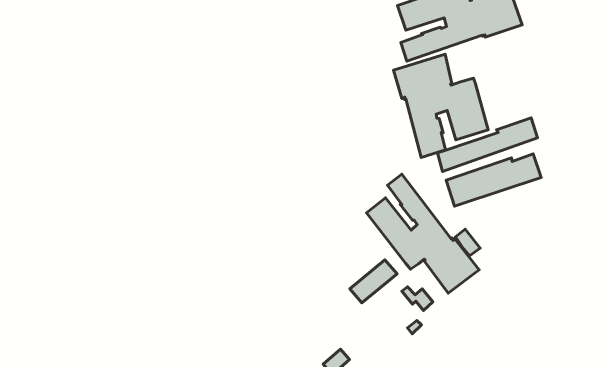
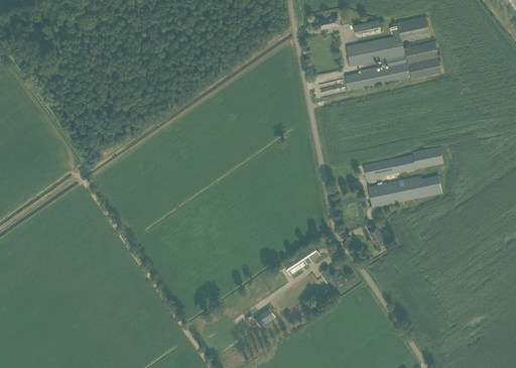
building: [394,54,488,158] -> none
building: [366,174,479,293] -> none

